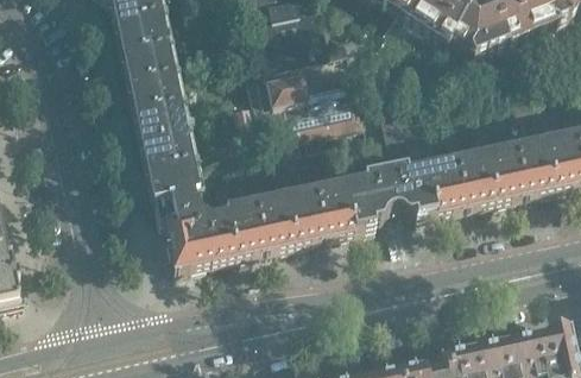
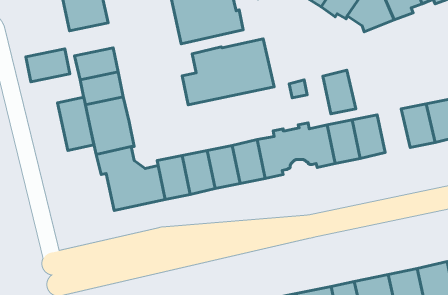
building: [122,42,175,81] -> [26,49,70,82]
building: none -> [58,97,94,151]
building: [488,144,528,196] -> [323,70,356,114]

